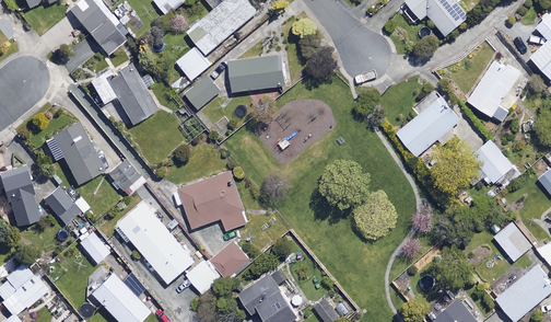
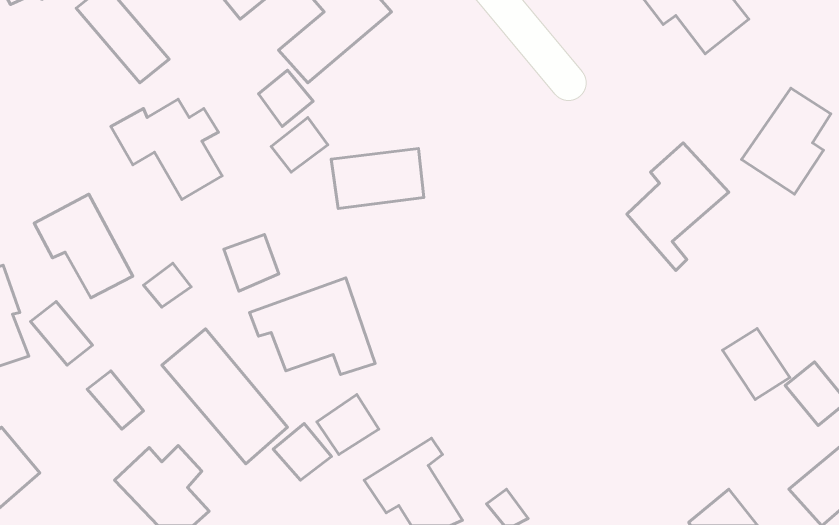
building: [230,55,285,91] -> [331,148,424,209]
building: [469,140,509,183] -> [723,328,790,399]
building: none -> [224,235,279,291]

